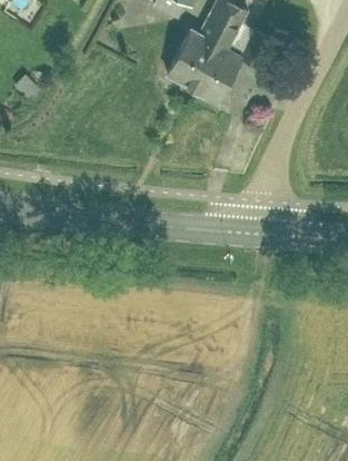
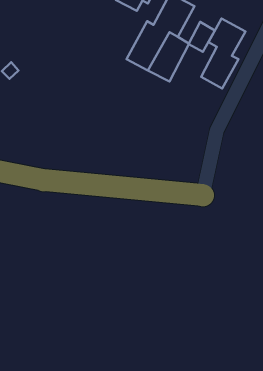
building: none -> [201,18,245,89]

